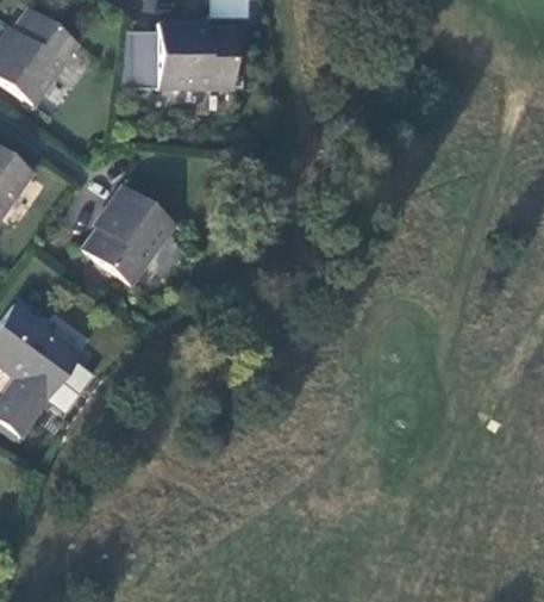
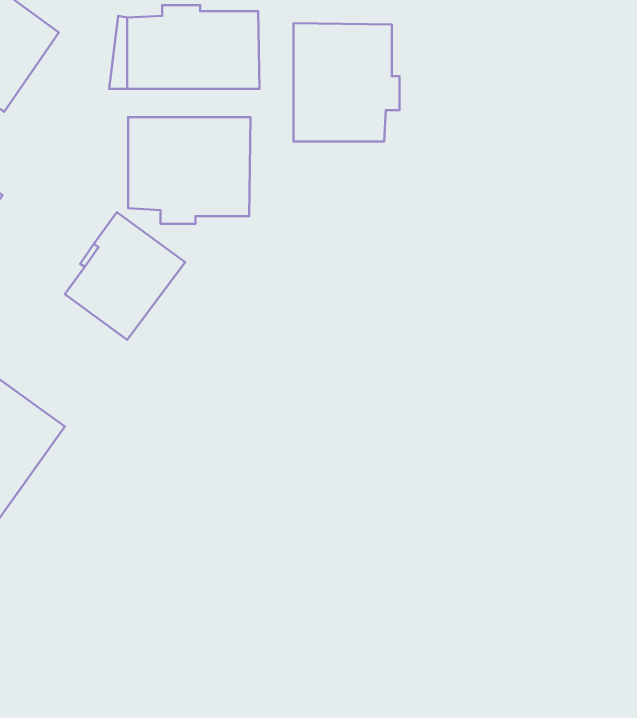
building: none -> [293,23,399,141]
building: none -> [128,117,250,224]

